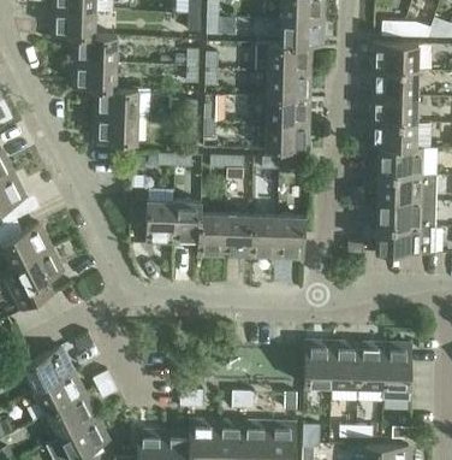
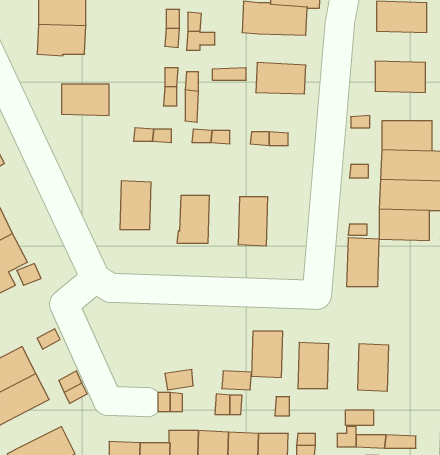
building: [371,69,417,96] -> none
building: [267,71,310,99] -> none
building: [94,88,148,117] -> none
building: [370,122,416,148] -> none
building: [266,123,309,152] -> none
building: [172,202,201,246] -> none
building: [224,214,251,258] -> none
building: [275,216,304,259] -> [347,238,379,287]
building: [329,346,357,387] -> [251,331,283,377]
building: [382,347,410,388] -> none
building: [46,395,94,437] -> none

